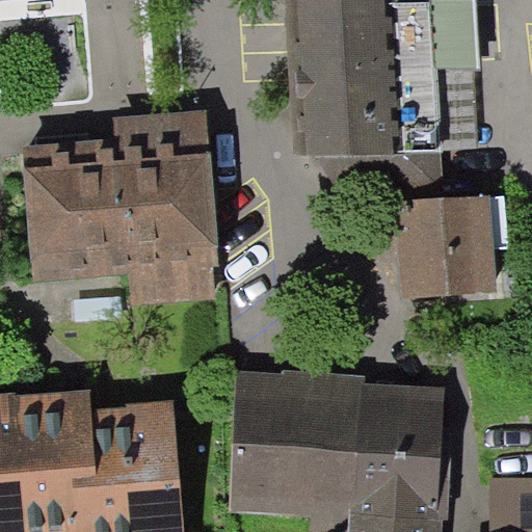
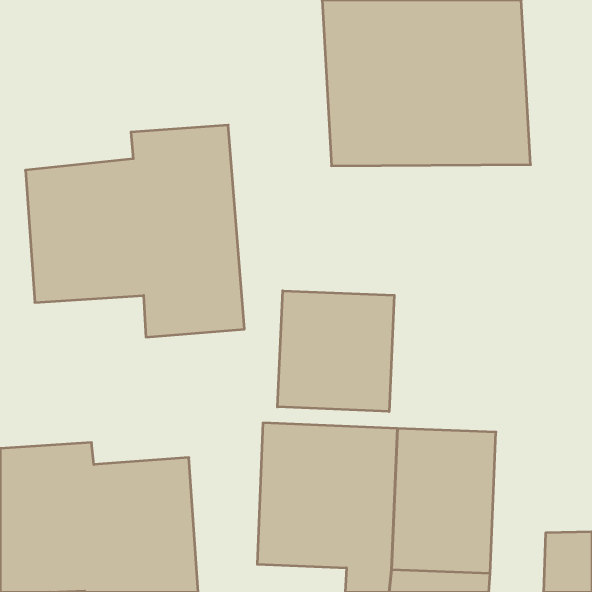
building: [402,193,509,290] -> none
building: none -> [277,291,394,412]

